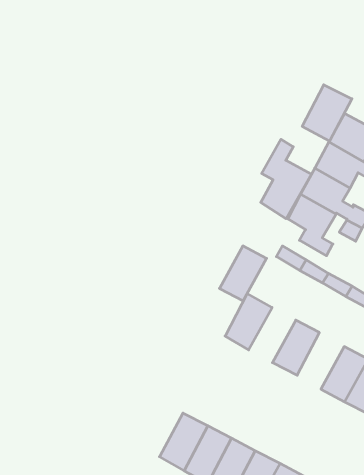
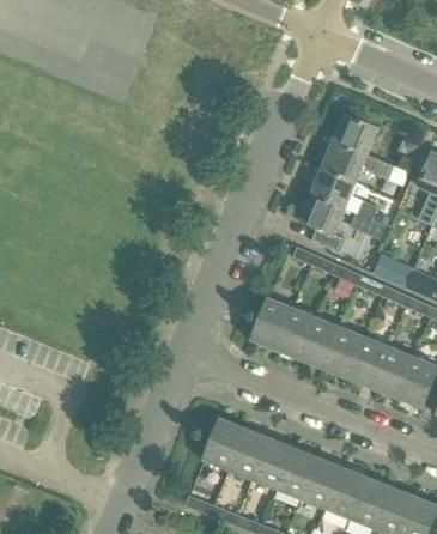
building: [302,85,352,141] -> none
building: [261,139,311,219] -> none
building: [219,246,267,301] -> [275,307,317,359]
building: none -> [324,326,366,380]

